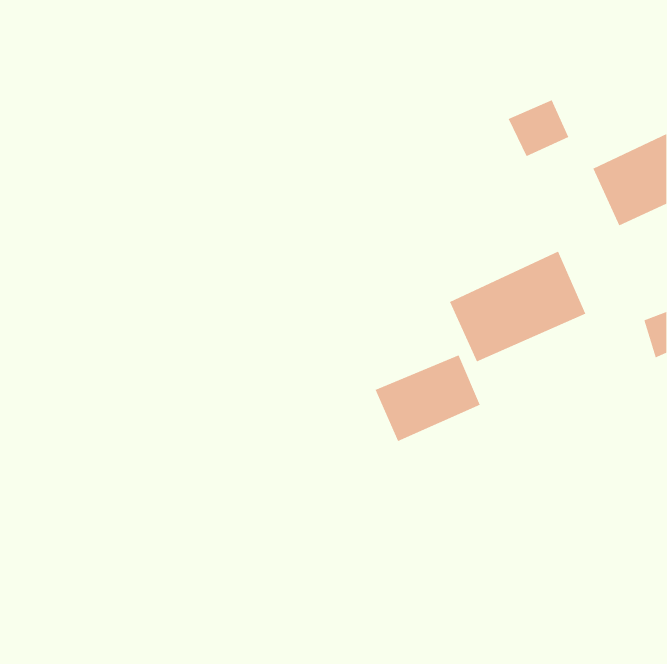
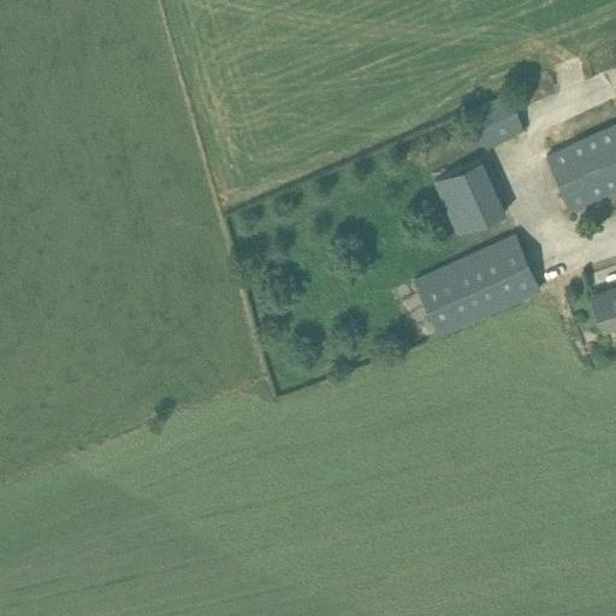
building: none -> [433,161,504,236]
building: [375,354,481,442] -> none

